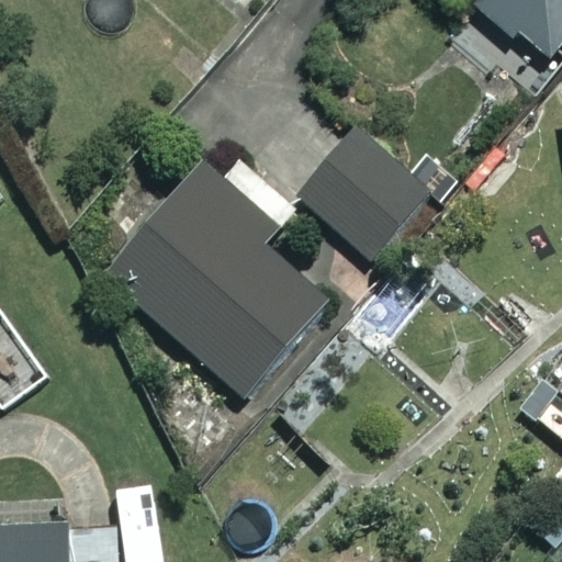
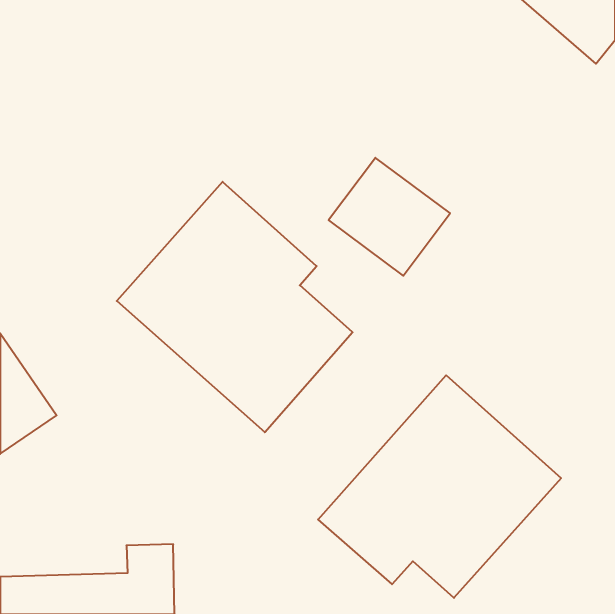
building: none -> [318,375,561,598]

